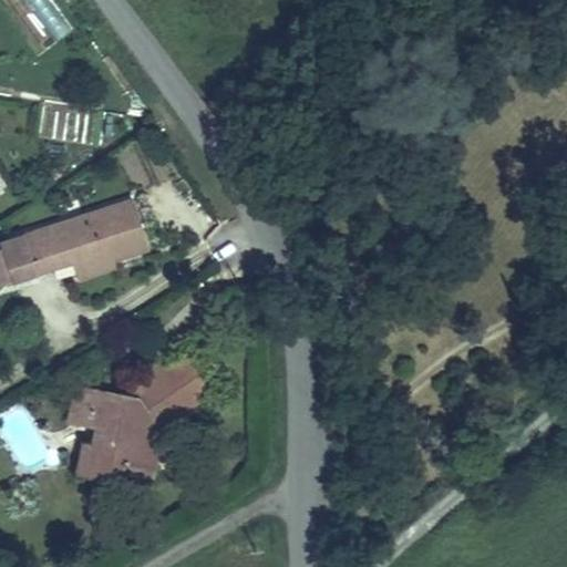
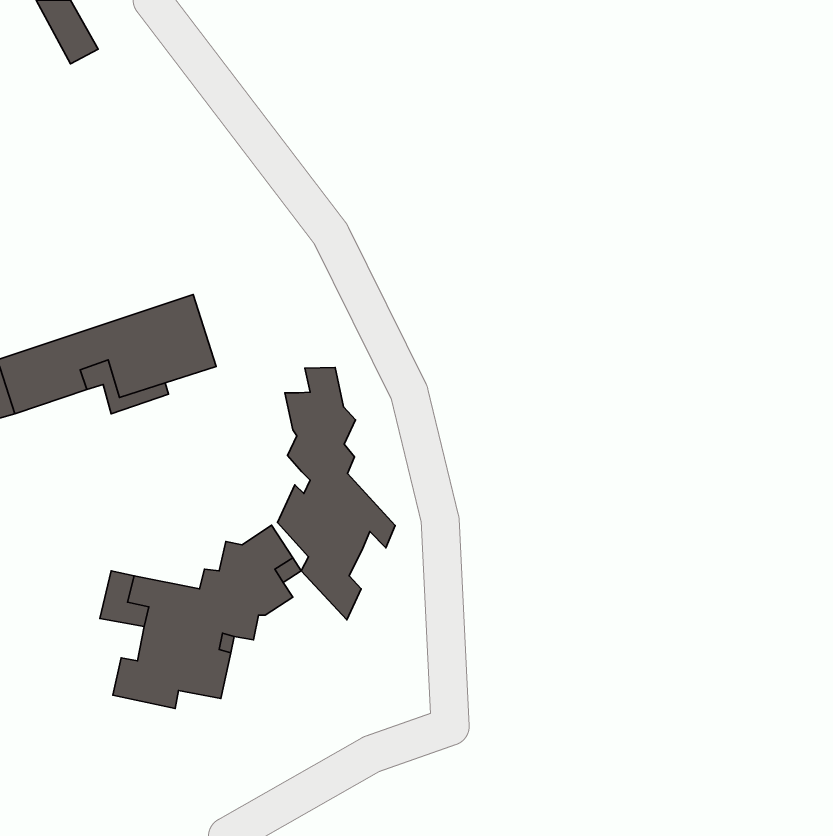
building: none -> [277,367,395,620]

